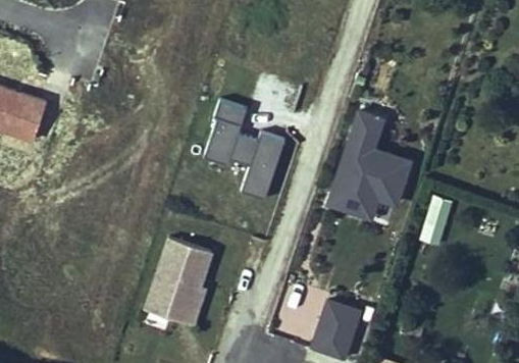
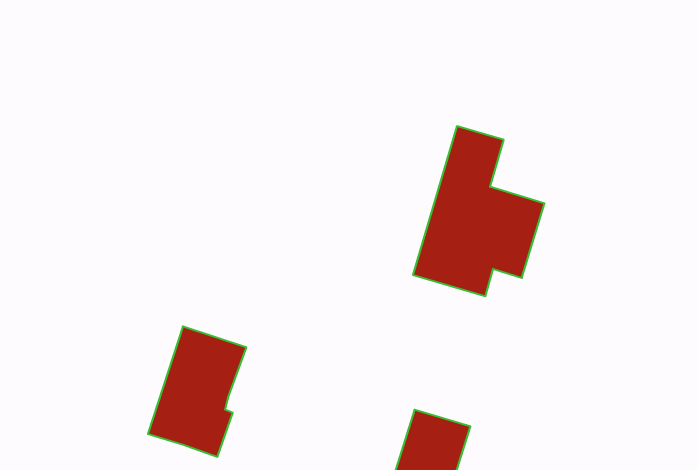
building: [205,99,284,200] -> none
building: [418,195,454,247] -> none

